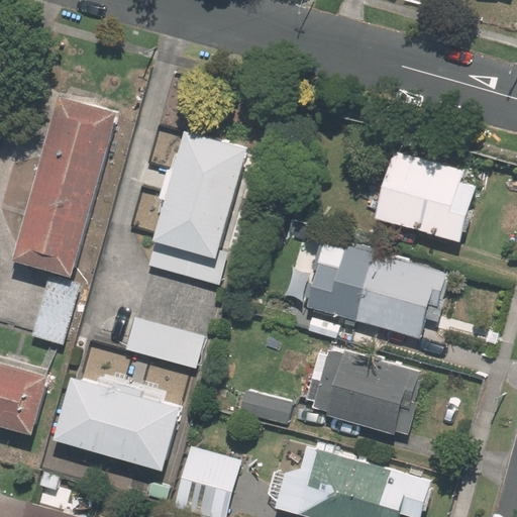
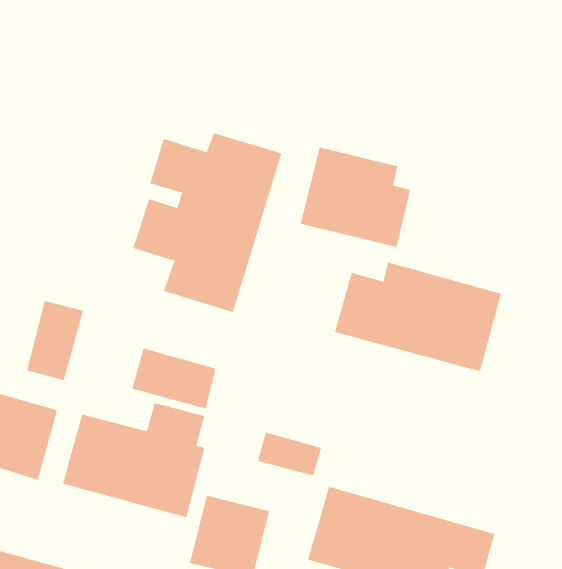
building: [9,94,120,276] -> none
building: [376,151,475,241] -> [300,147,411,248]
building: [295,344,422,440] -> none

